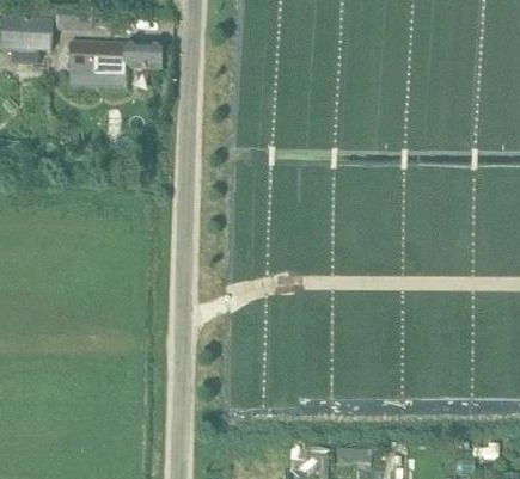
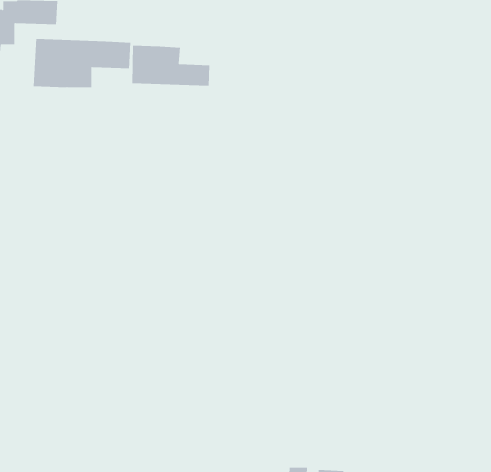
building: none -> [132,45,210,86]

